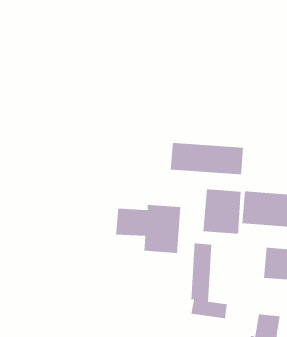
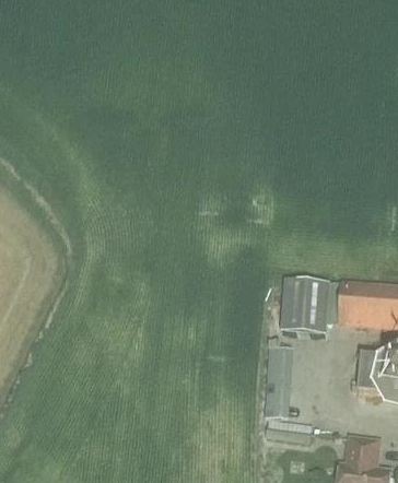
building: [170,142,243,175] -> none
building: [116,204,181,254] -> none

